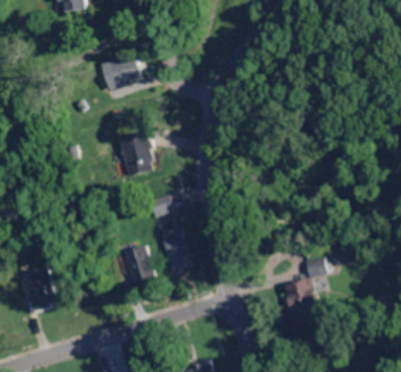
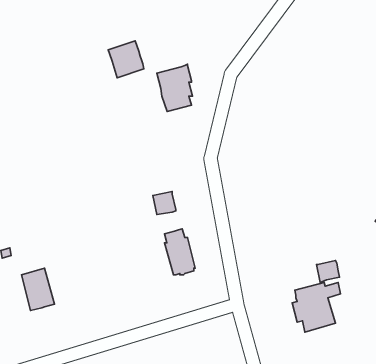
building: [119,132,153,177] -> [157,64,193,111]
building: [124,247,154,284] -> none

